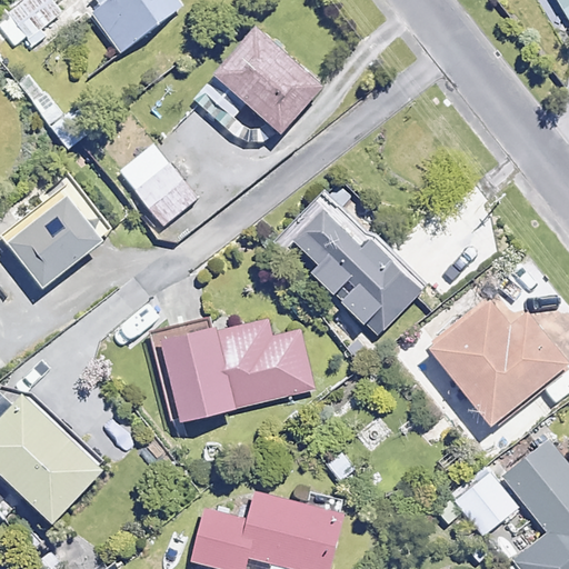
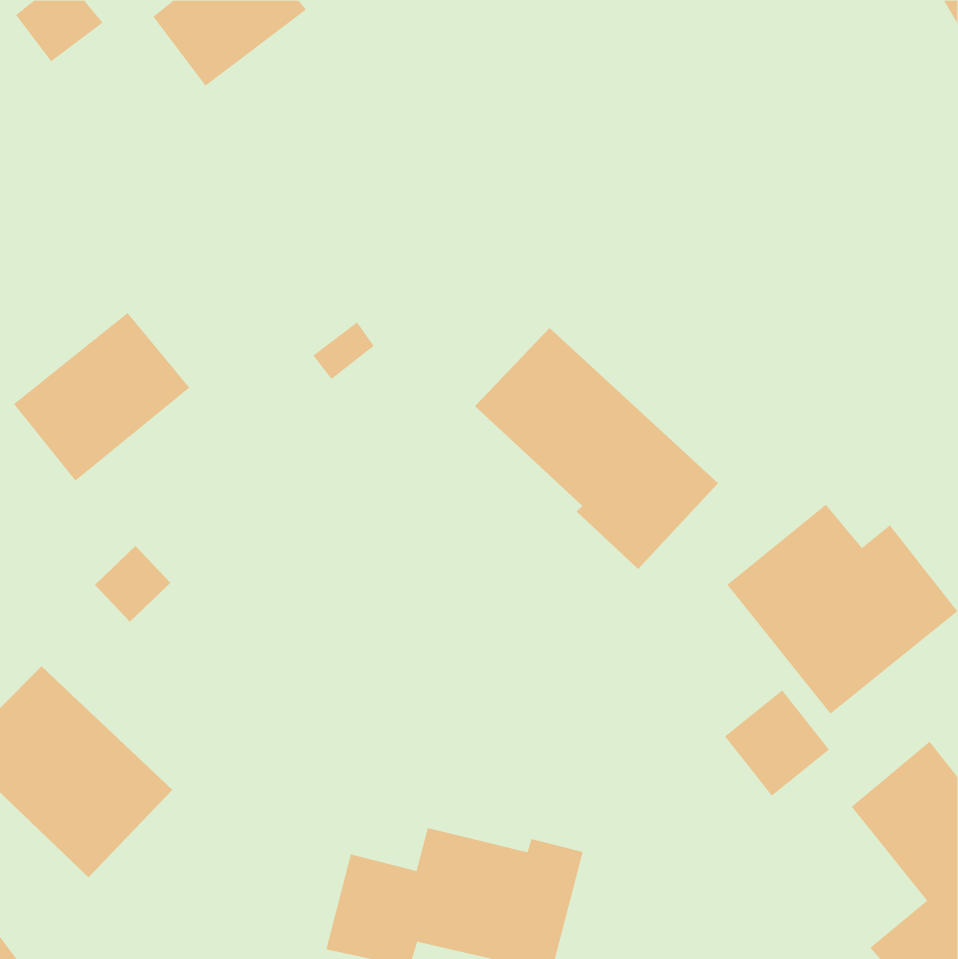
building: [214,29,320,132] -> none
building: [119,144,197,227] -> none
building: [158,325,313,421] -> none
building: [455,472,517,536] -> [724,689,830,797]

